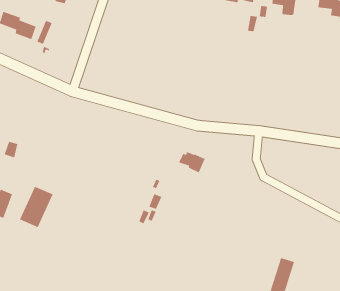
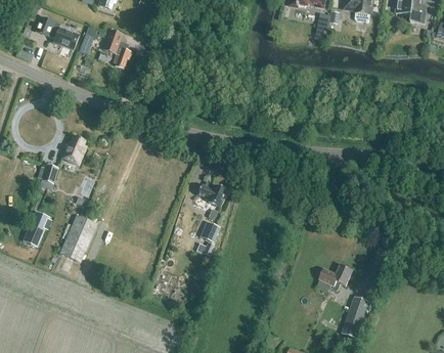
building: none -> [102,29,132,67]
building: none -> [61,135,86,163]
building: [178,152,205,173] -> [196,181,227,206]
building: none -> [319,263,353,289]

